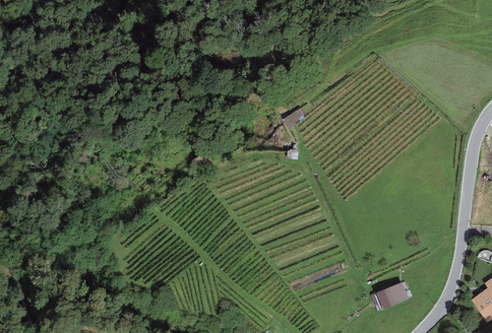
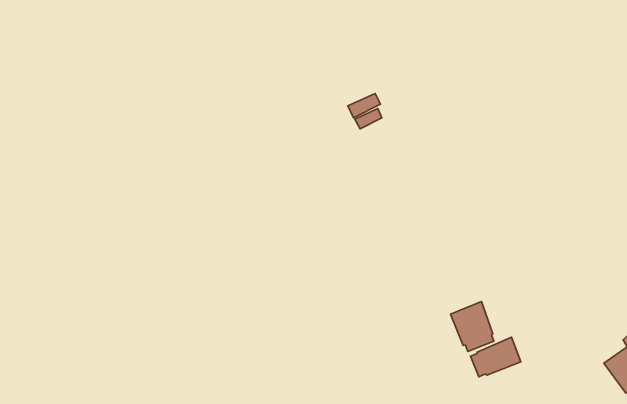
building: none -> [451,302,494,351]

